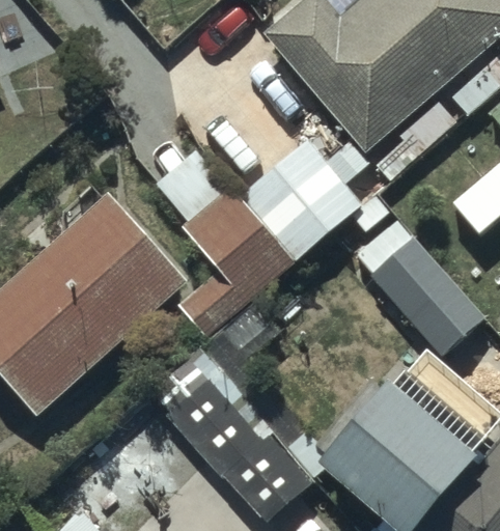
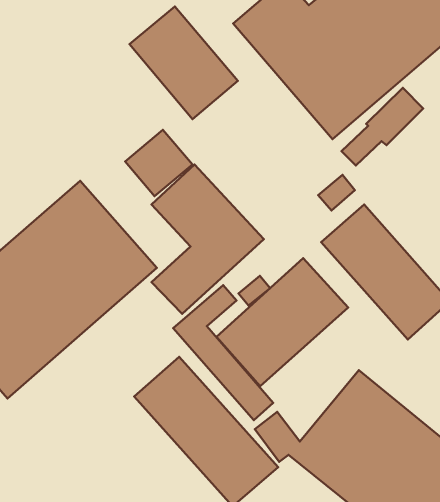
building: none -> [130,6,238,119]
building: [241,112,362,250] -> none
building: none -> [216,258,348,386]

